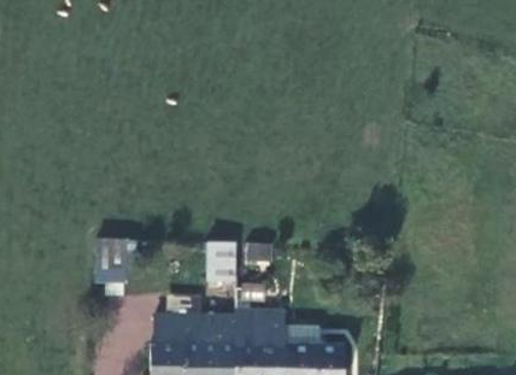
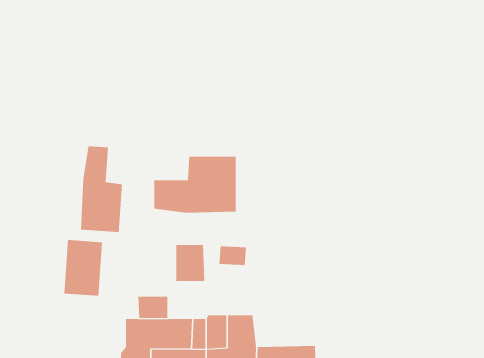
building: none -> [80,145,122,233]
building: none -> [154,156,236,213]

